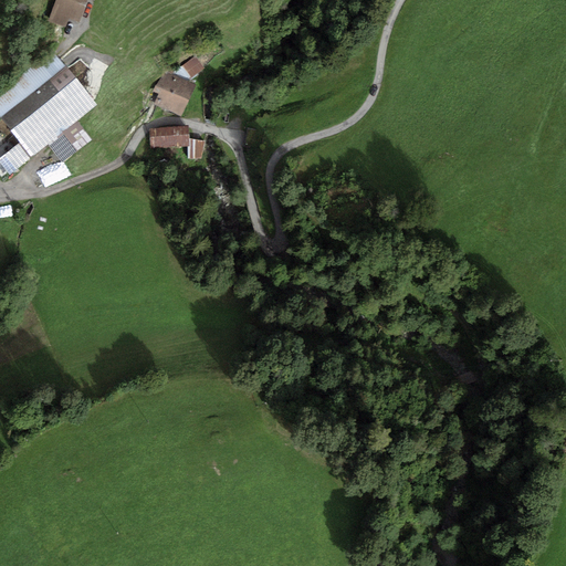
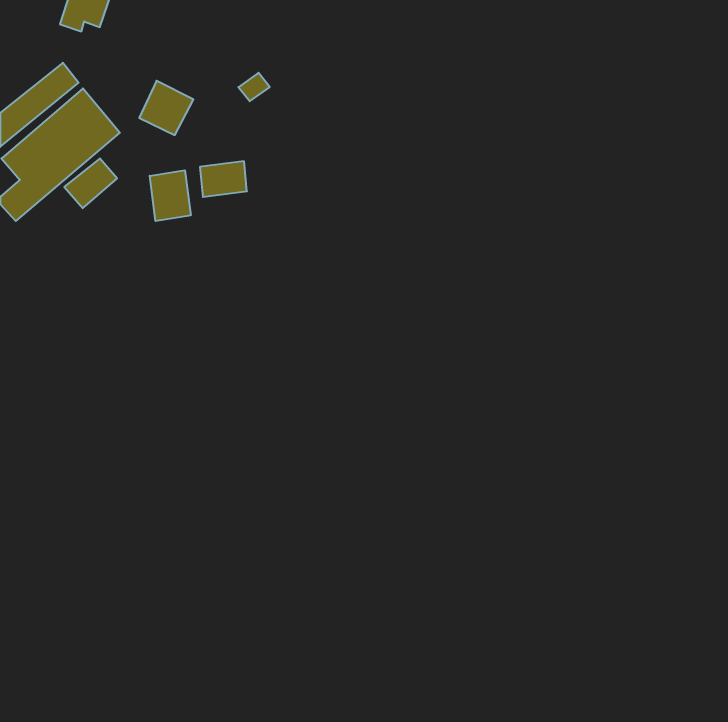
building: [154,70,196,112] -> [139,81,193,135]
building: none -> [150,170,191,221]

